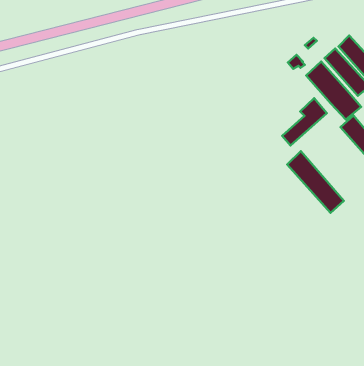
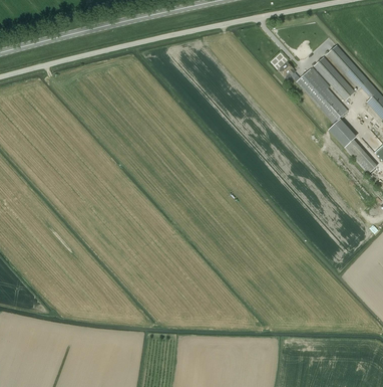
building: [282,98,327,145] -> none
building: [287,151,344,213] -> none

